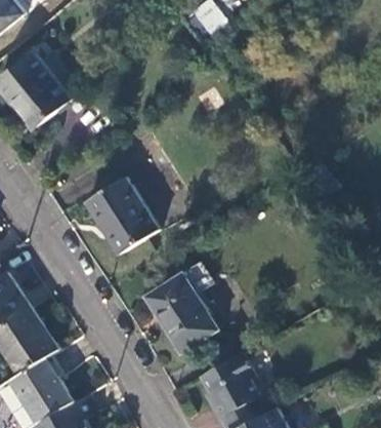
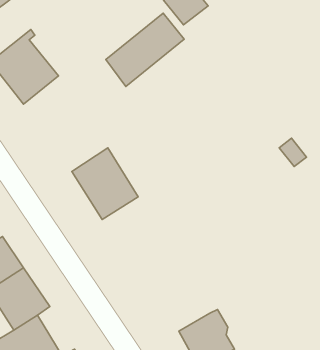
building: none -> [106,13,184,86]
building: [146,275,218,354] -> none

